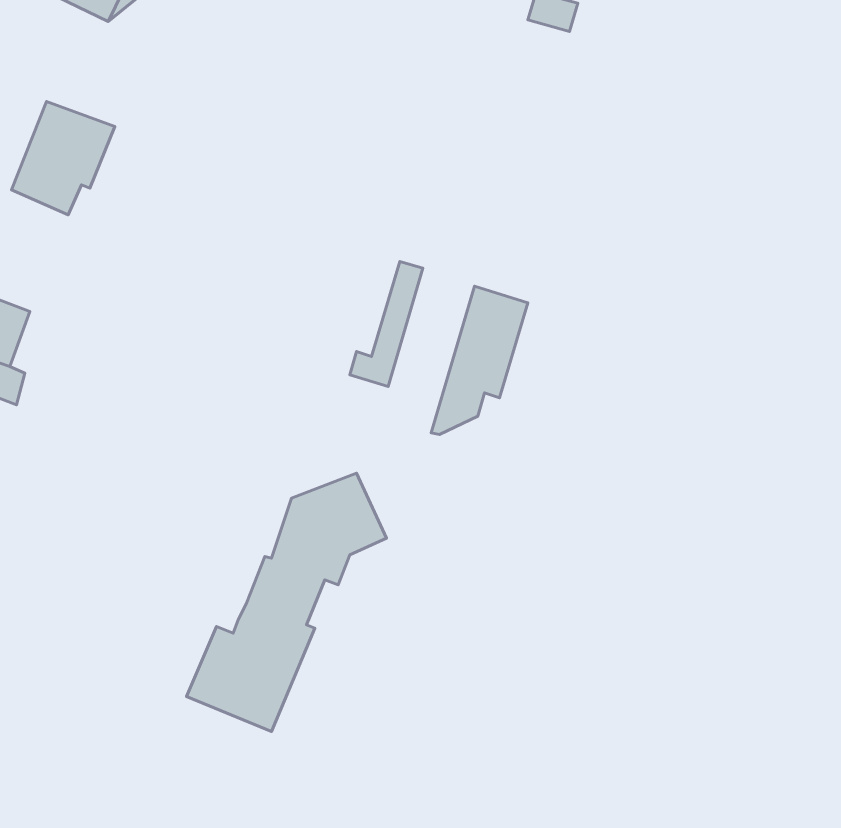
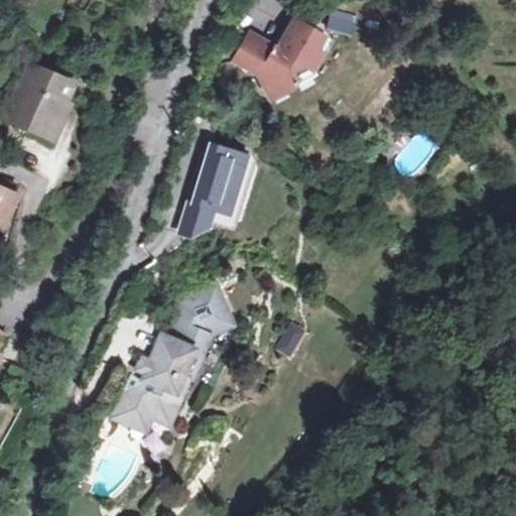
building: none -> [223,10,311,87]
building: [431,286,528,435] -> [183,148,242,238]

